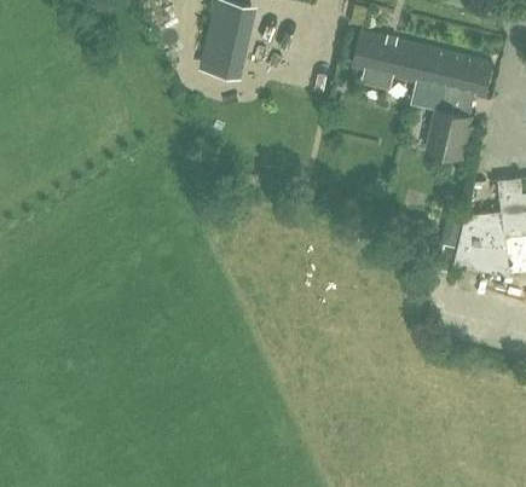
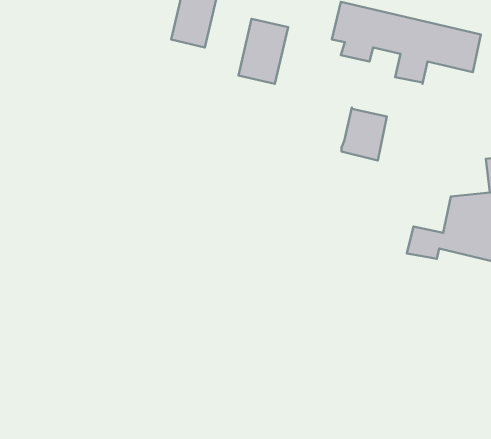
building: none -> [238,19,288,84]
building: [429,108,472,157] -> [341,107,387,161]

